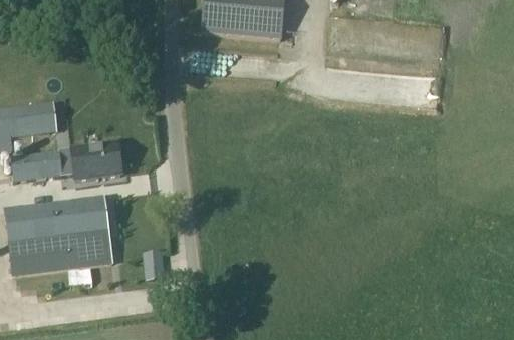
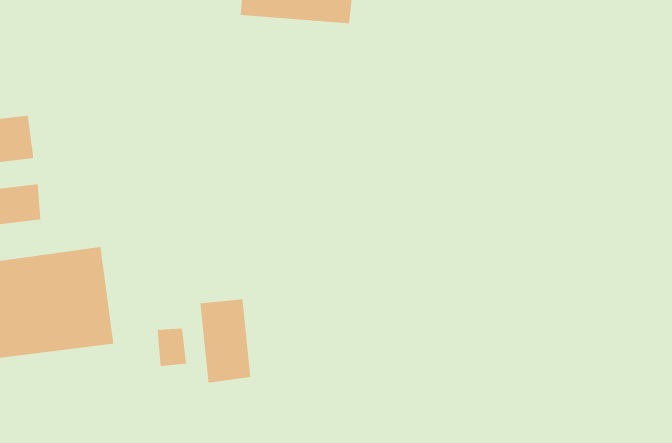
building: [71,142,121,179] -> none
building: none -> [200,298,251,383]

